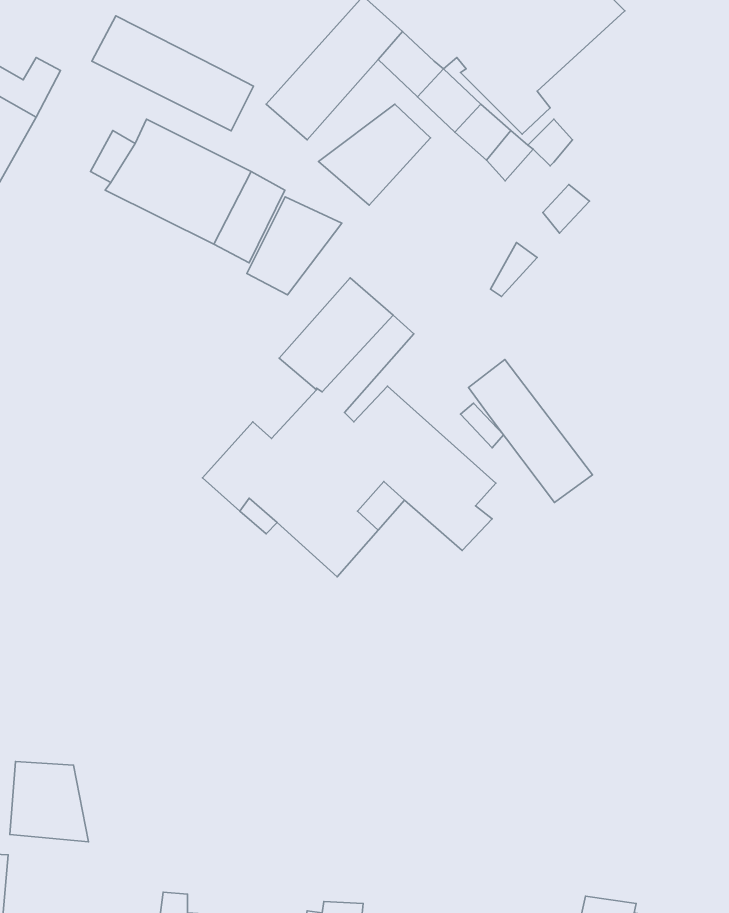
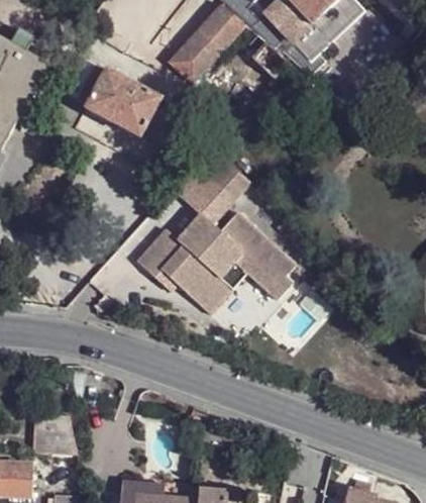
building: [92,16,253,131] -> none
building: [319,104,431,205] -> none
building: [247,197,342,295] -> none
building: [468,360,593,503] -> none

